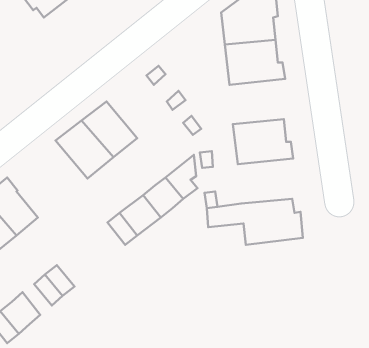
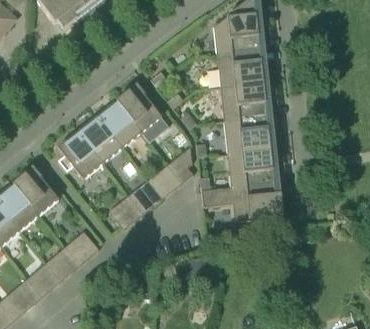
building: none -> [221,82,269,120]
building: none -> [117,83,162,132]
building: none -> [58,134,101,180]
building: none -> [228,149,276,187]

